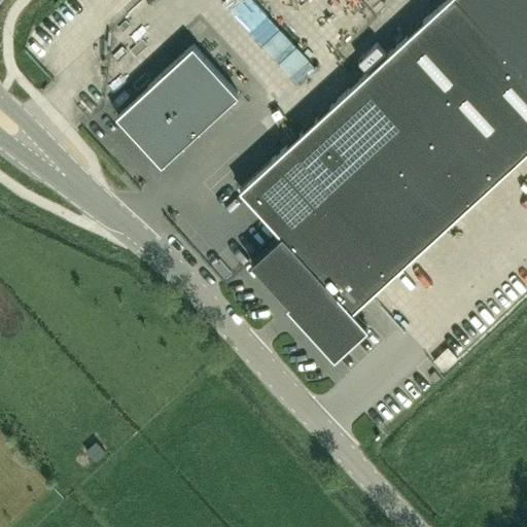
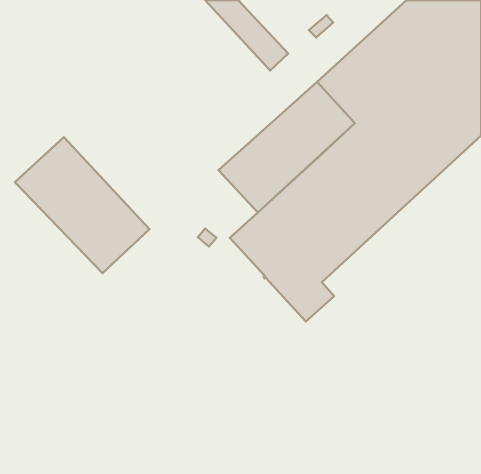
building: [116,51,238,171] -> none
building: none -> [15,137,149,273]

